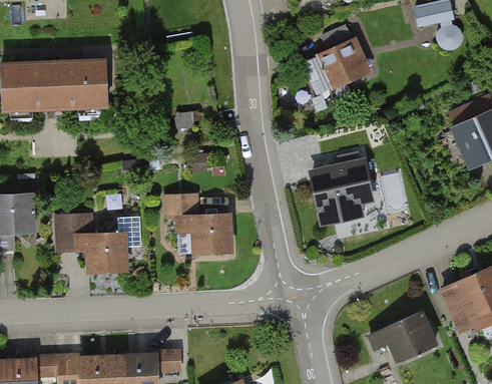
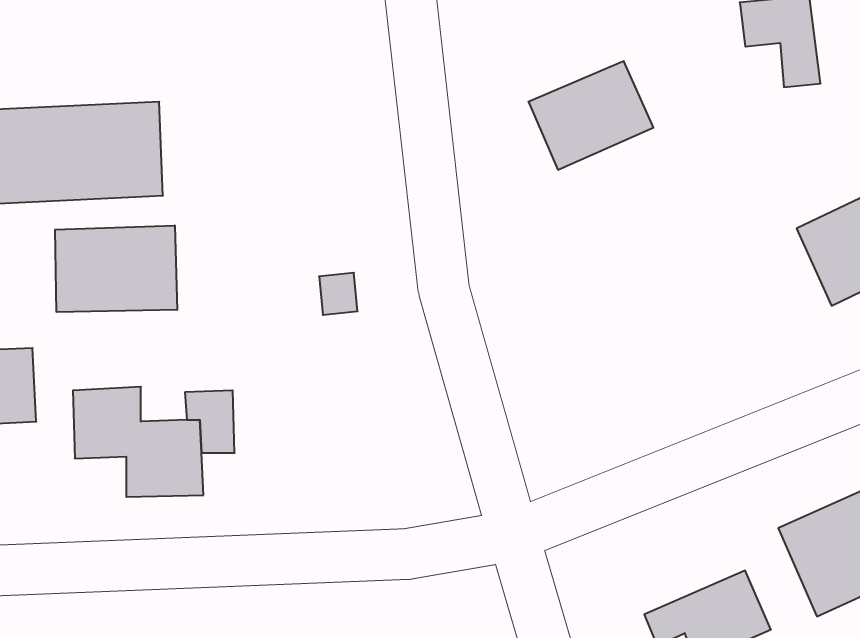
building: none -> [55,225,177,312]
building: [309,159,376,228] -> none
building: [162,194,229,255] -> none

